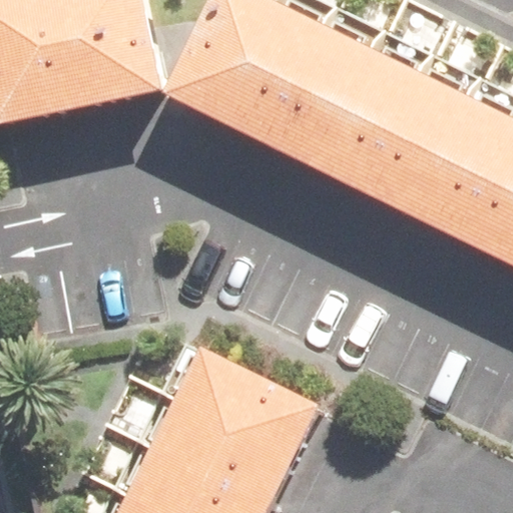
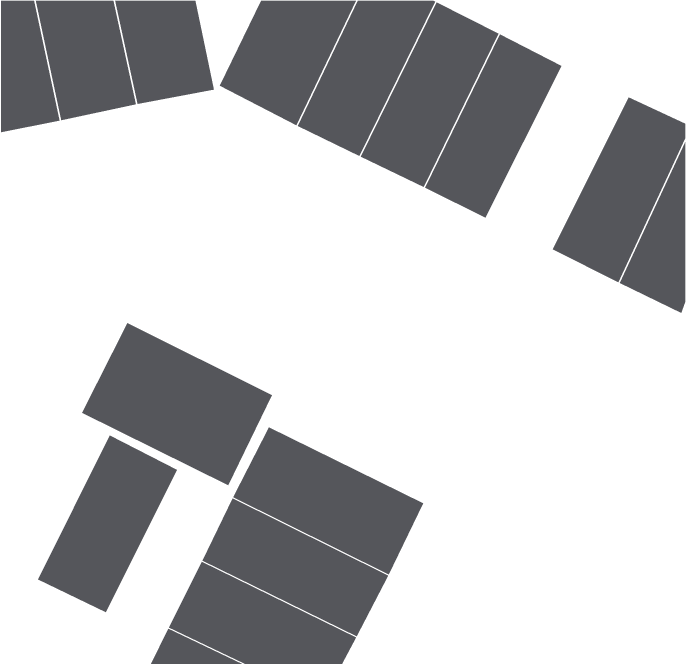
building: [363,65,469,202] -> none
building: none -> [81,322,273,486]
building: none -> [37,435,178,613]

